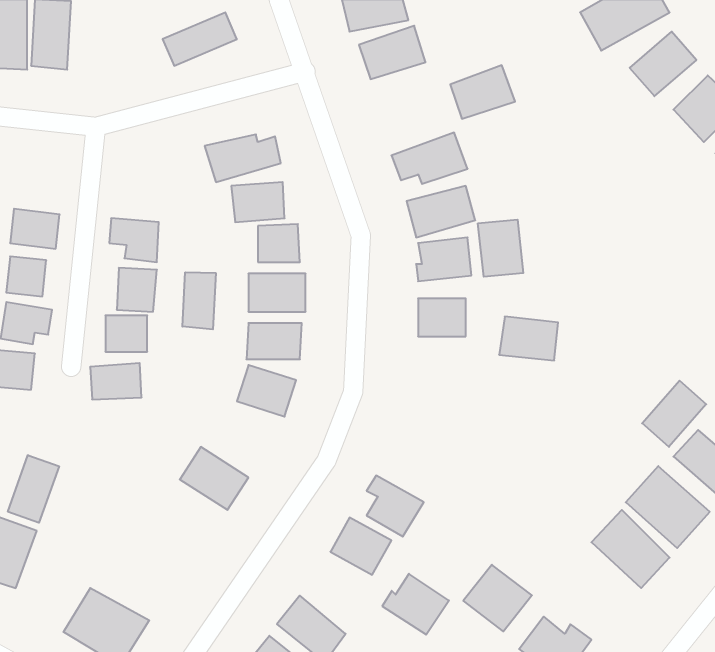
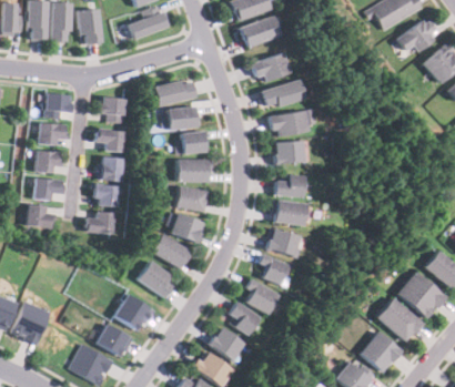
building: none -> [77,7,104,44]
building: [450,65,515,119] -> [253,52,291,83]
building: none -> [44,92,72,119]
building: none -> [98,94,128,123]
building: [478,220,523,277] -> none
building: [182,272,216,329] -> none
building: [499,317,558,360] -> [273,200,307,225]
building: [642,381,706,447] -> none
building: none -> [271,227,301,255]
building: none -> [151,233,191,268]
building: none -> [257,256,287,285]
building: [8,455,59,523] -> none
building: none -> [114,293,154,332]
building: none -> [97,323,136,358]
building: [463,565,532,631] -> [362,332,402,370]
building: [382,574,449,635] -> [208,325,246,360]

